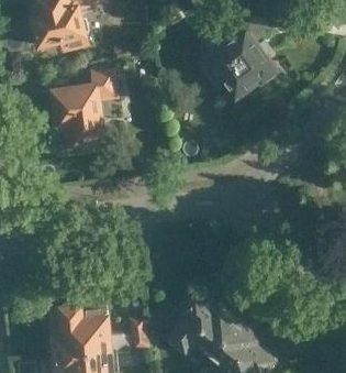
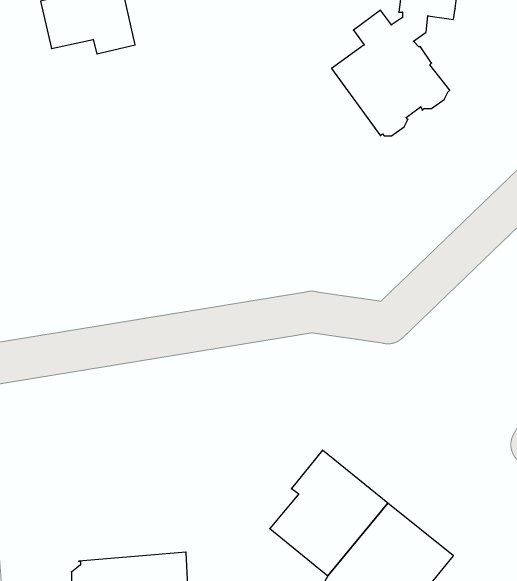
building: [54,72,118,147] -> none
building: [47,308,149,358] -> none

